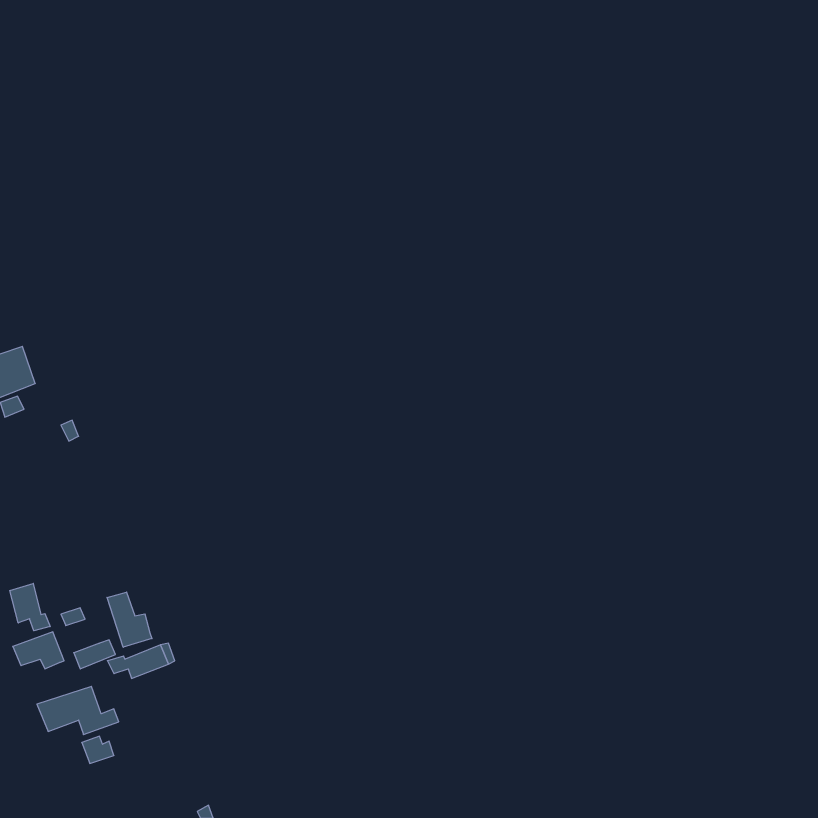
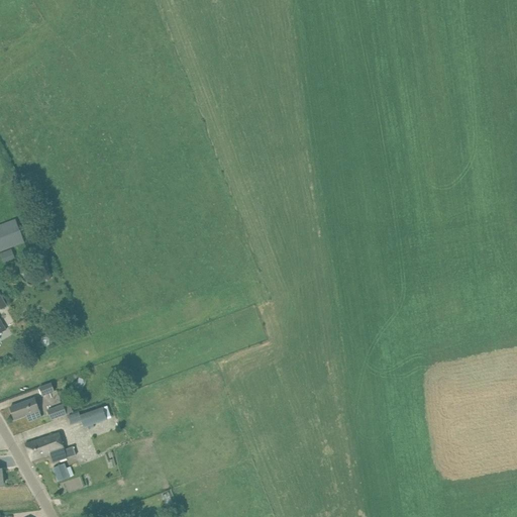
building: [10,583,50,631] -> none
building: [107,592,152,647] -> none

